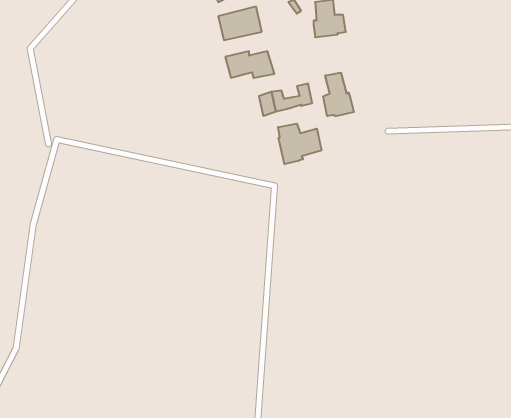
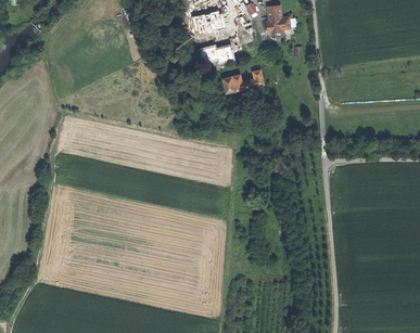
building: [323,73,354,116] -> none
building: [278,124,321,164] -> none

